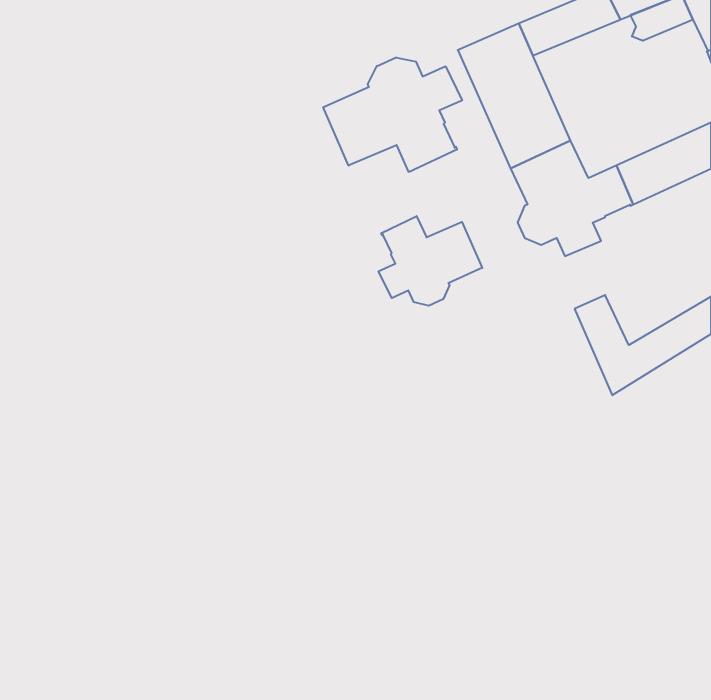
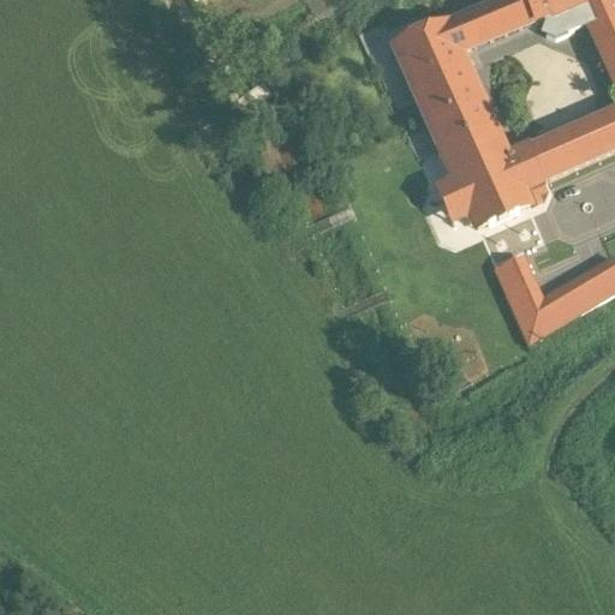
building: [323,57,462,172] -> none
building: [379,216,482,306] -> none

